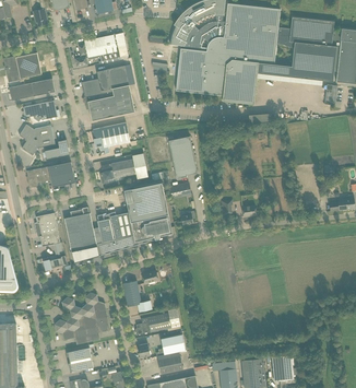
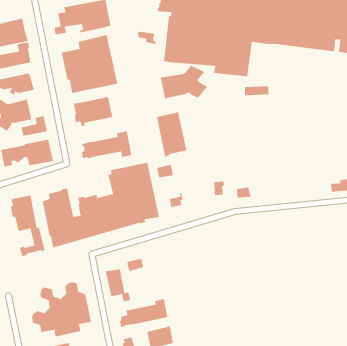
building: none -> [160,65,208,99]

